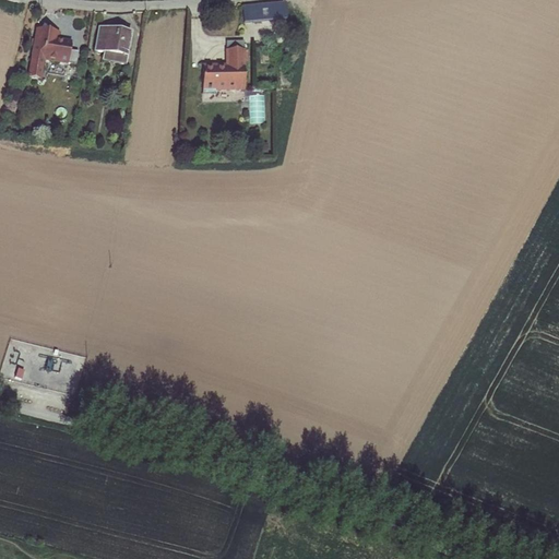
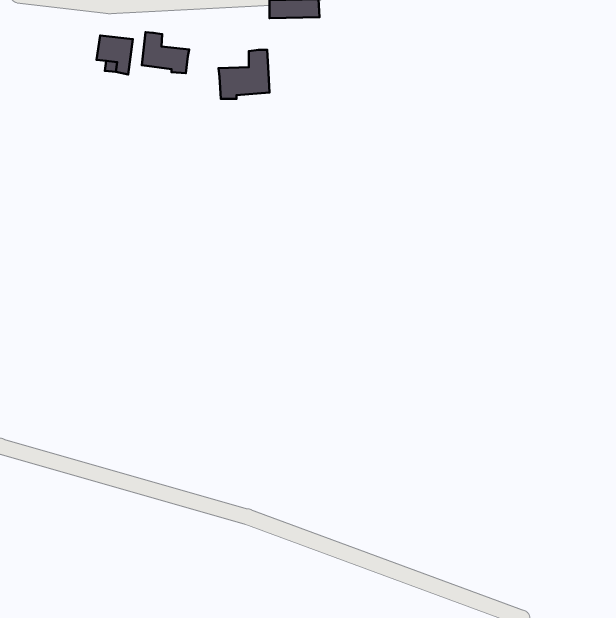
building: none -> [142,32,189,73]
building: [28,29,78,78] -> none

